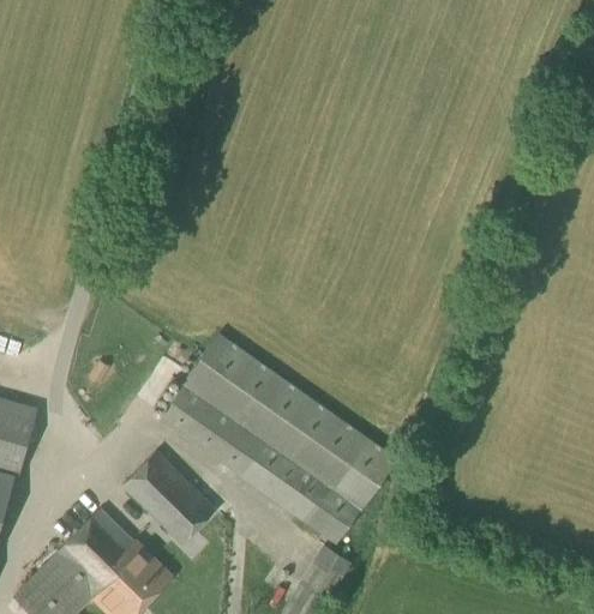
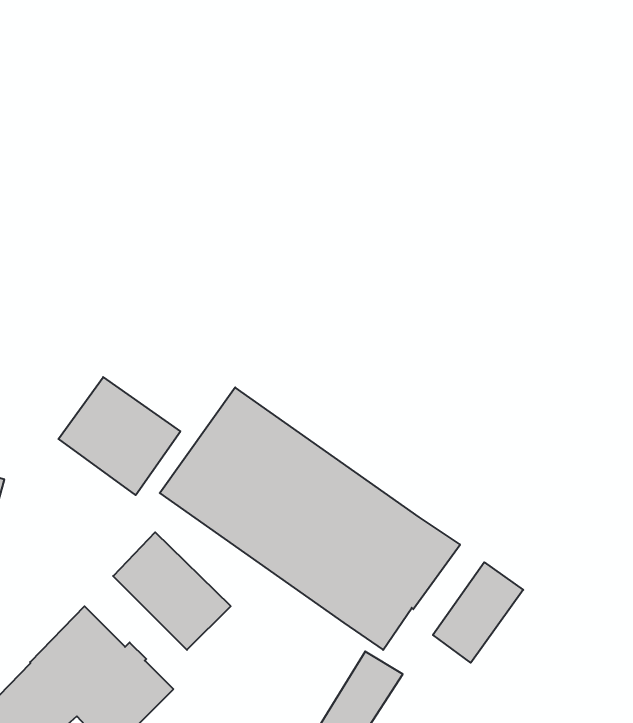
building: none -> [58,377,180,495]
building: none -> [433,562,523,663]

